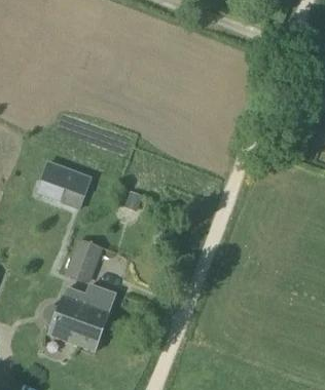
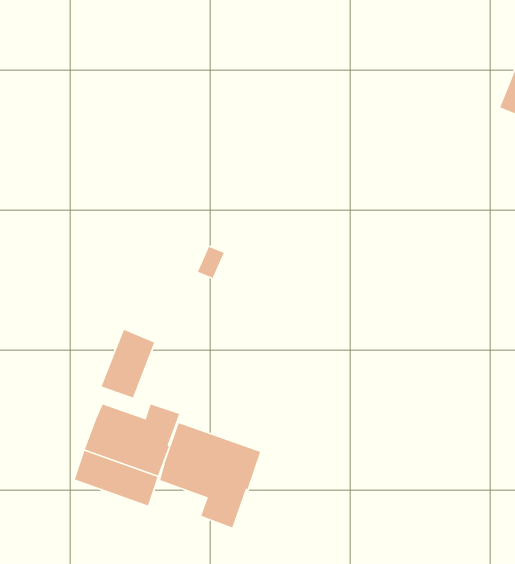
building: [42,161,92,208] -> none
building: none -> [159,422,261,528]

